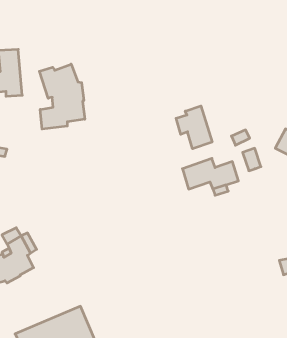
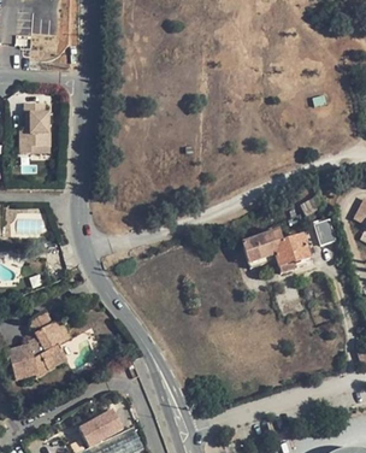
building: [39,64,85,129] -> none
building: [176,106,212,149] -> none

